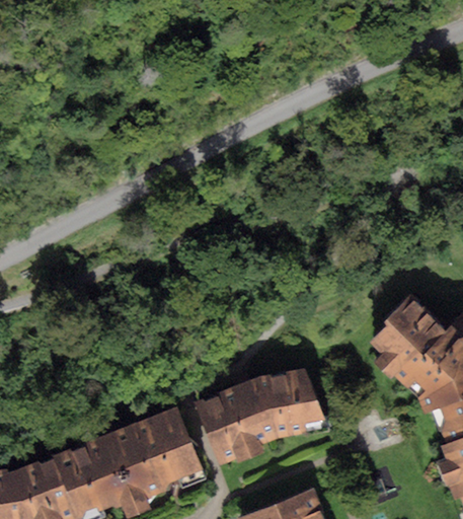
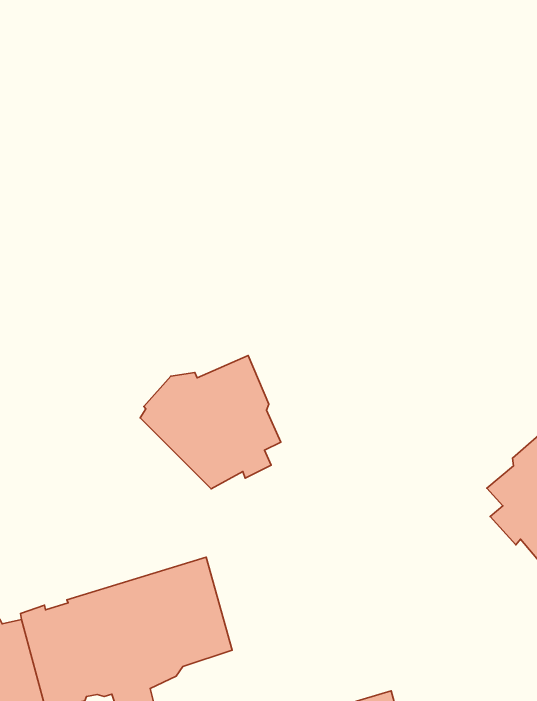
building: none -> [140,356,281,489]
building: [196,368,324,465] -> none

